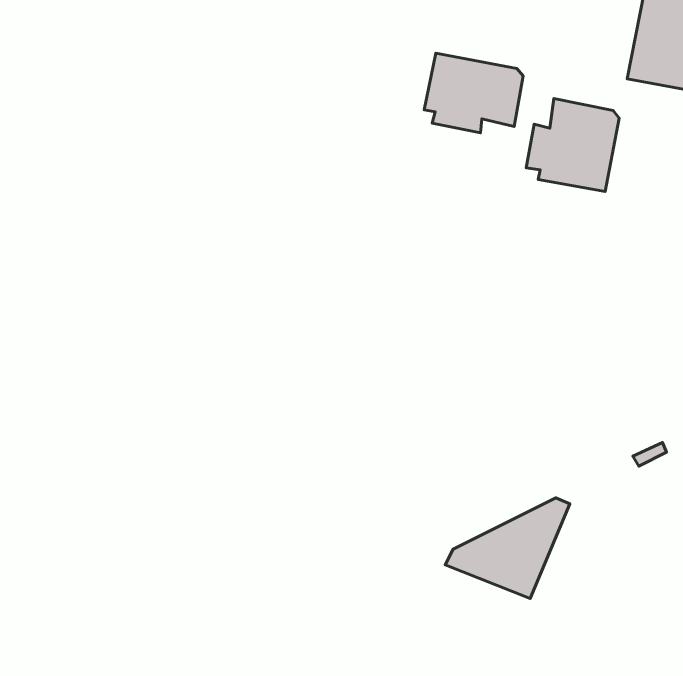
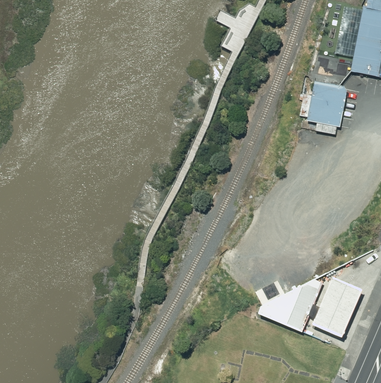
building: [424,53,523,133] -> none
building: none -> [314,280,363,338]

